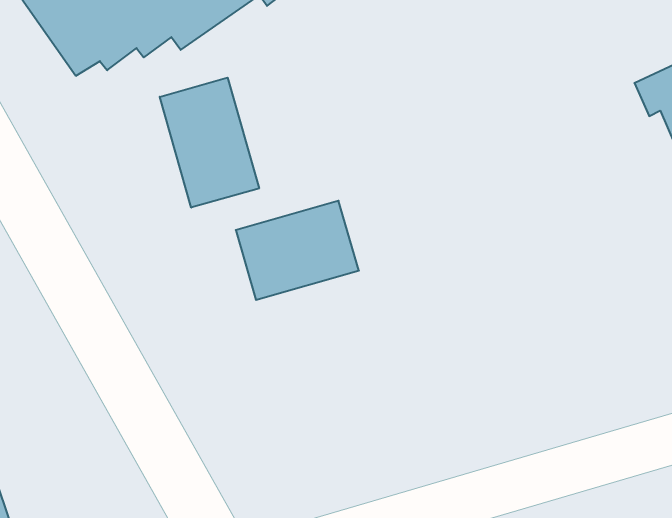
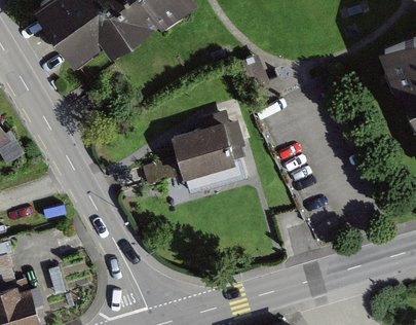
building: [160,78,259,208] -> none

